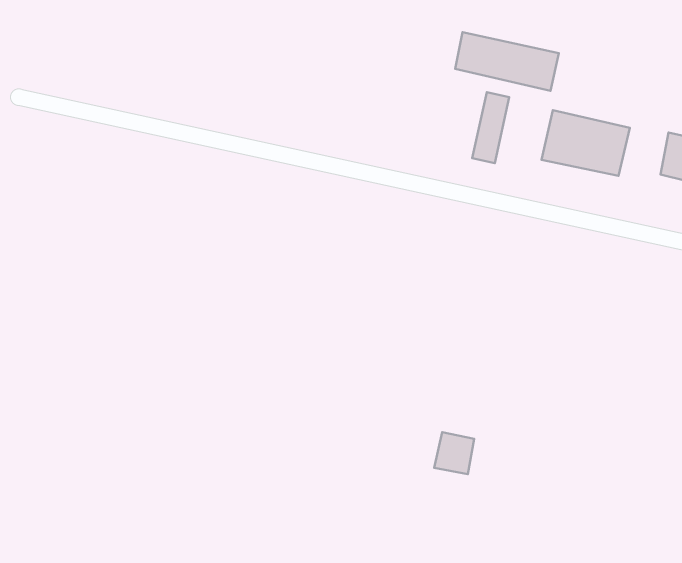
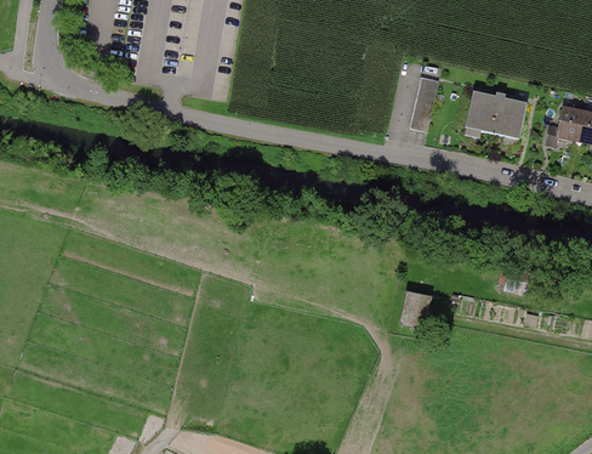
building: [455,32,559,91] -> none
building: [434,432,474,474] -> [403,294,433,325]

